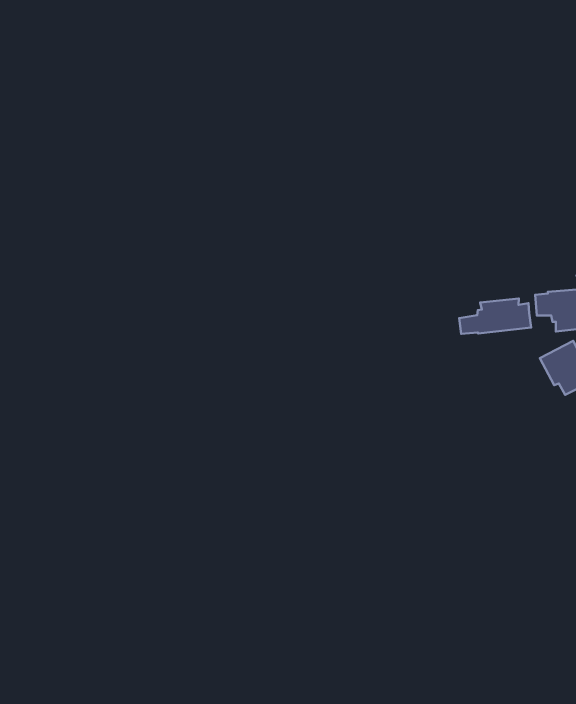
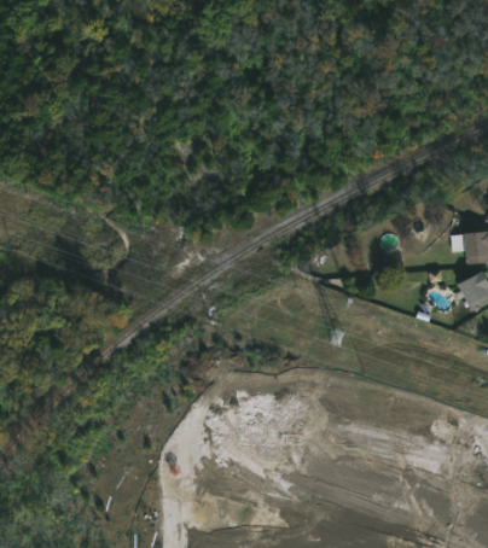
building: [459,299,531,334] -> none

